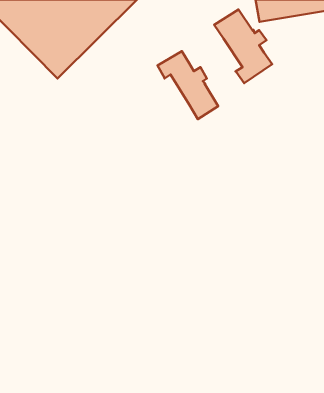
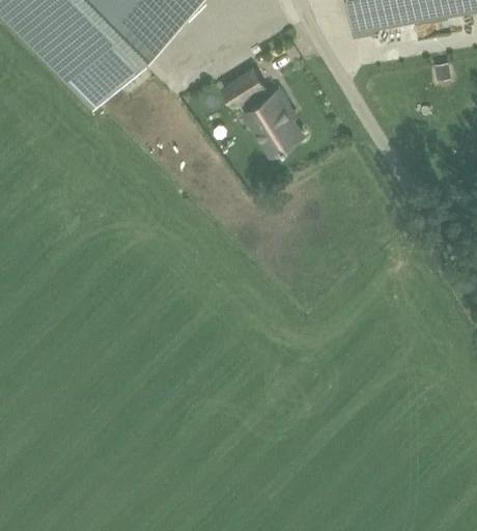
building: [214,9,272,83] -> none
building: none -> [229,96,268,135]

